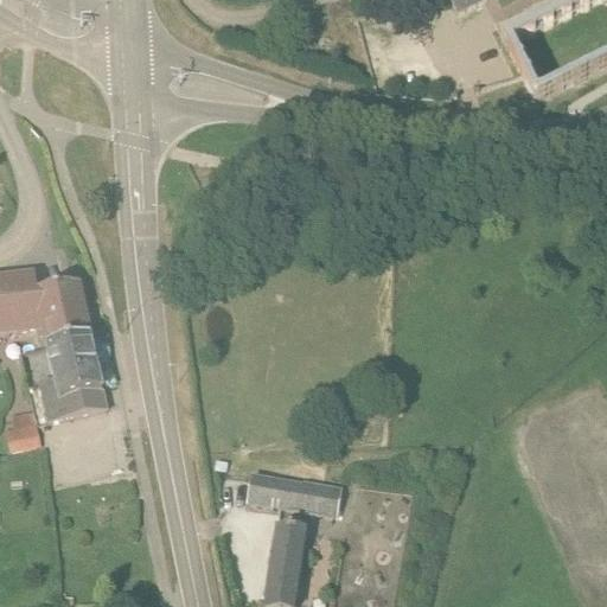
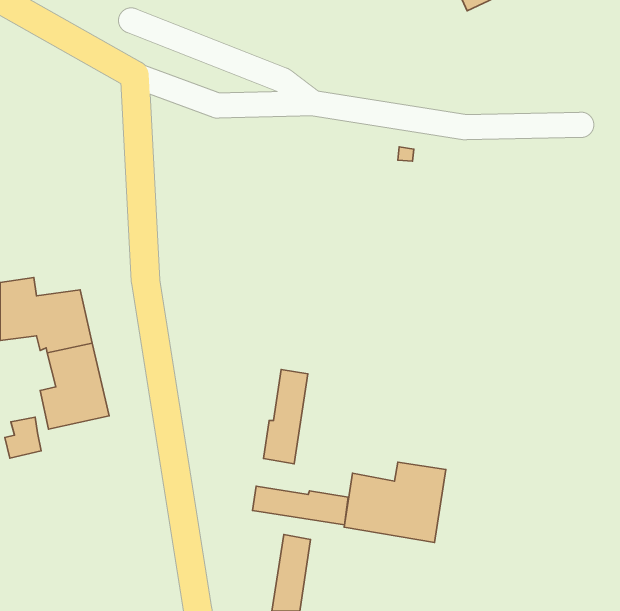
building: none -> [263,370,308,464]
building: none -> [344,462,446,542]

